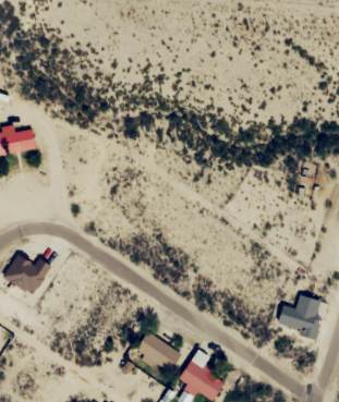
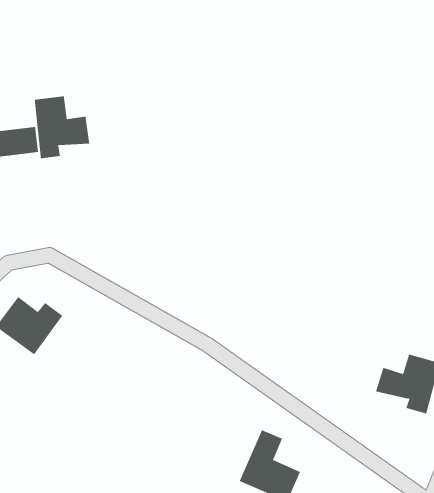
building: none -> [34,95,90,159]
building: [136,331,182,374] -> none

